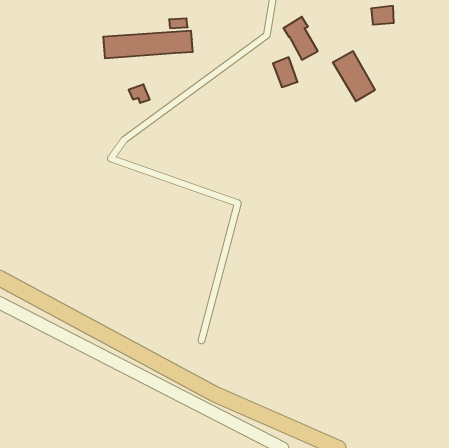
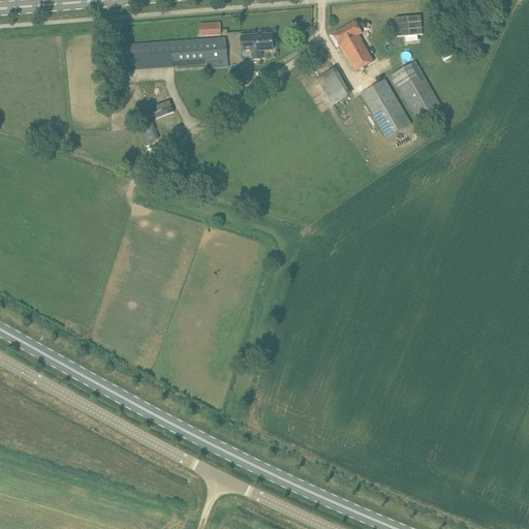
building: [371,6,394,24] -> [395,13,422,35]
building: none -> [242,33,272,58]
building: none -> [361,77,410,136]

